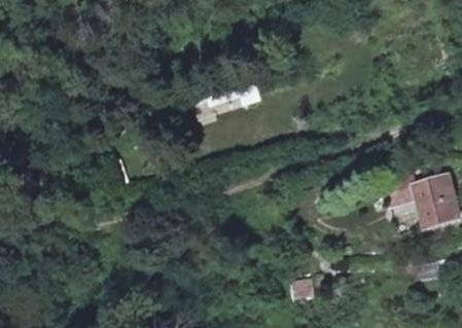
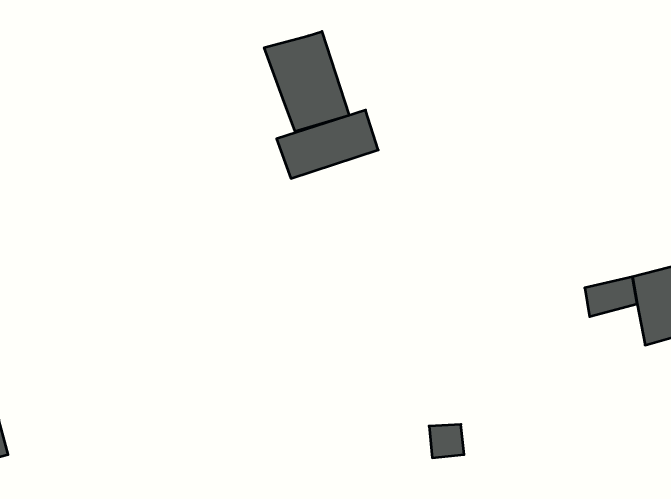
building: none -> [264,31,349,131]

